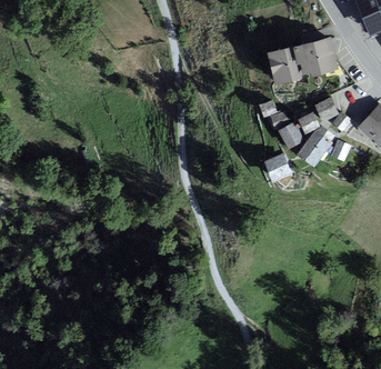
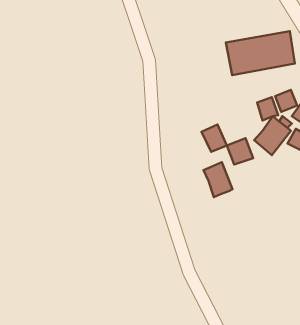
building: [277,119,303,148] -> [202,125,227,152]
building: none -> [203,162,232,197]

